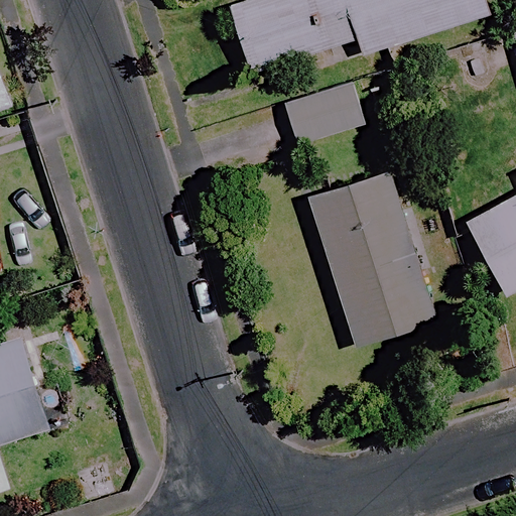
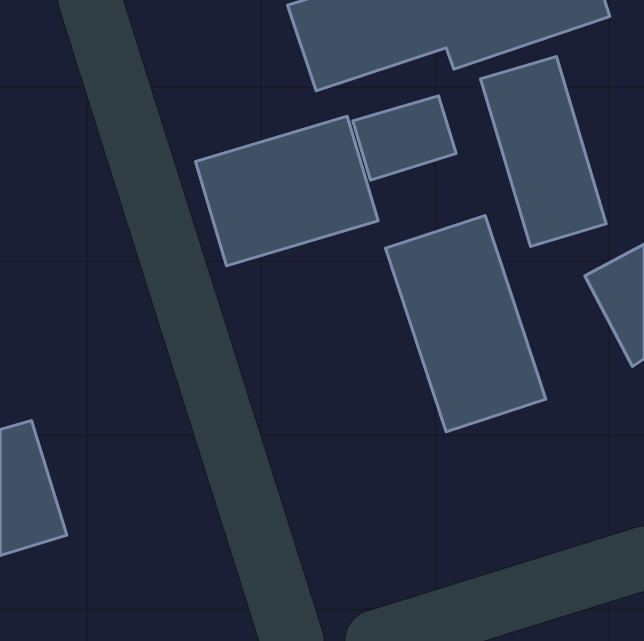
building: none -> [481,56,606,246]
building: none -> [195,116,378,266]

